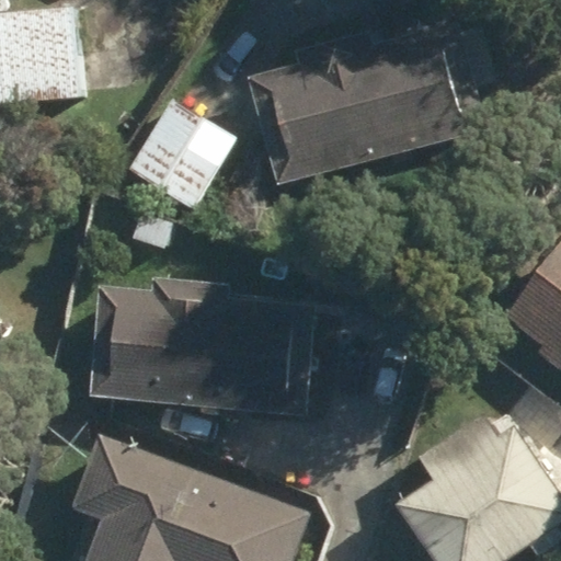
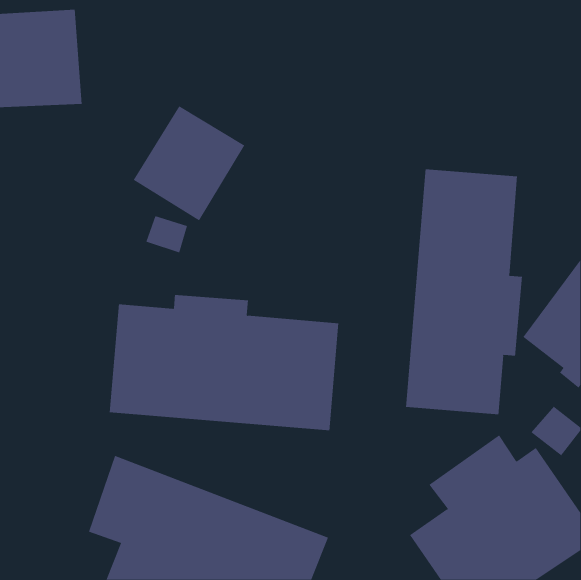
building: [248,28,485,187] -> none
building: none -> [405,168,523,415]

